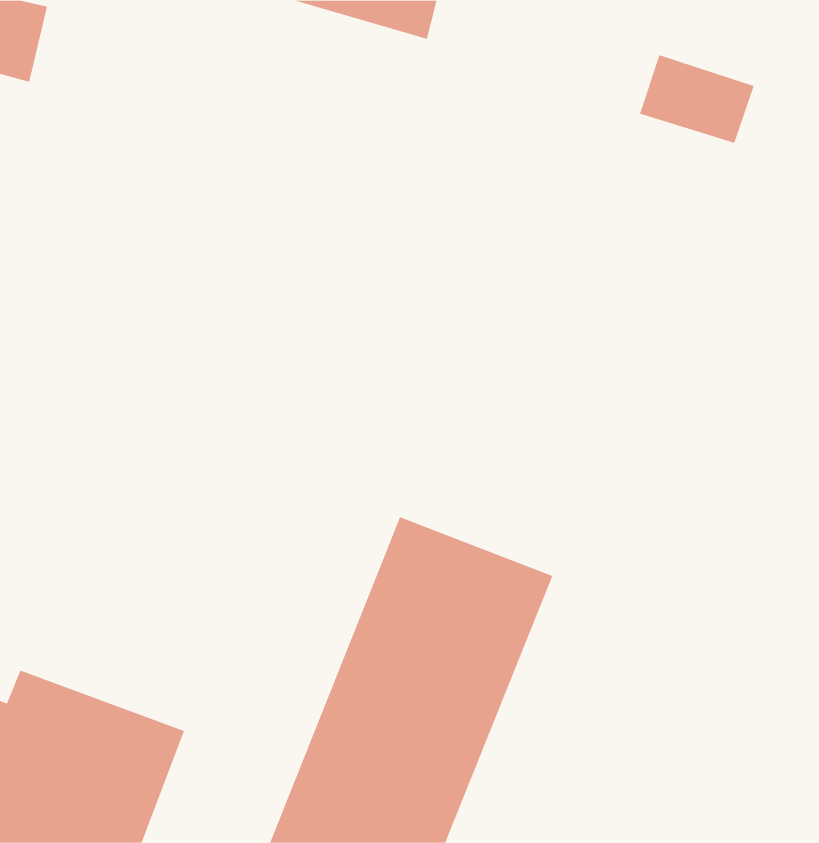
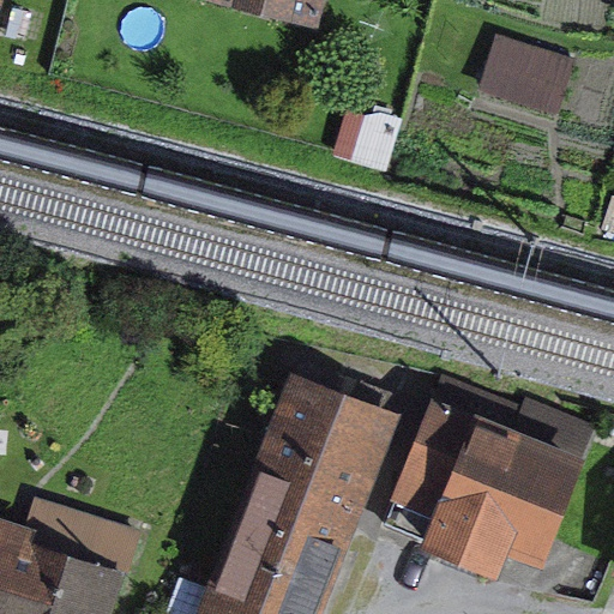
building: none -> [390,399,584,561]

